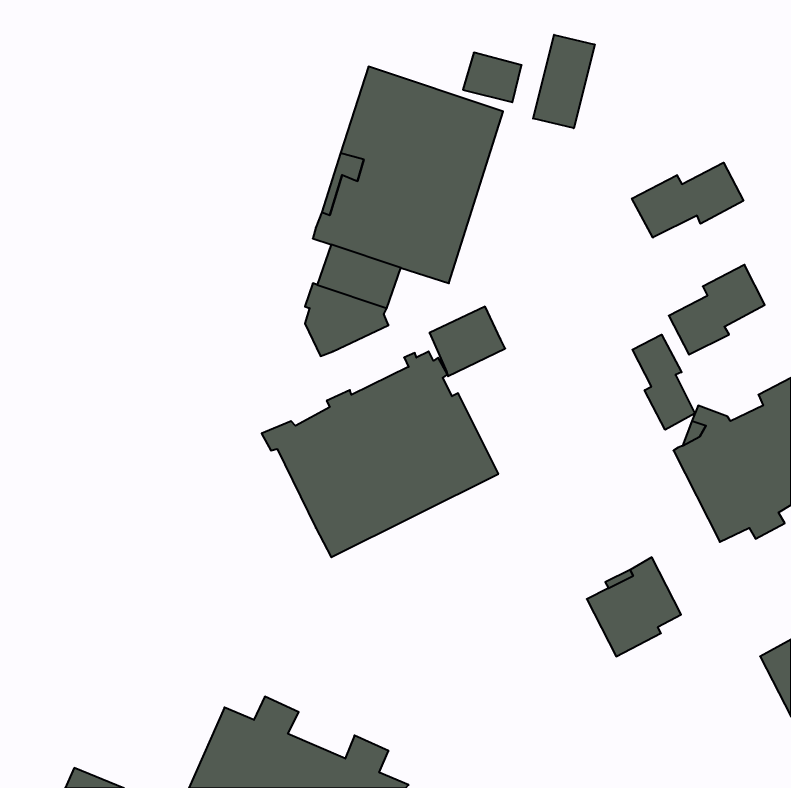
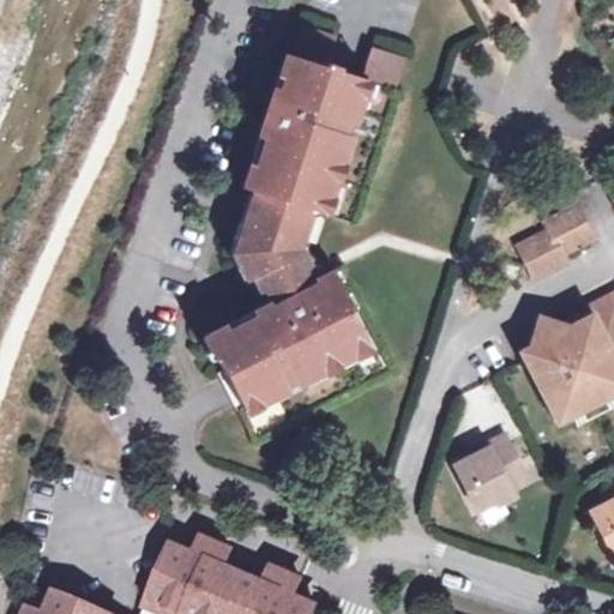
building: [533,35,595,128] -> none
building: [632,163,743,238] -> none
building: [429,307,505,376] -> [258,252,317,306]
building: [632,335,695,430] -> none

